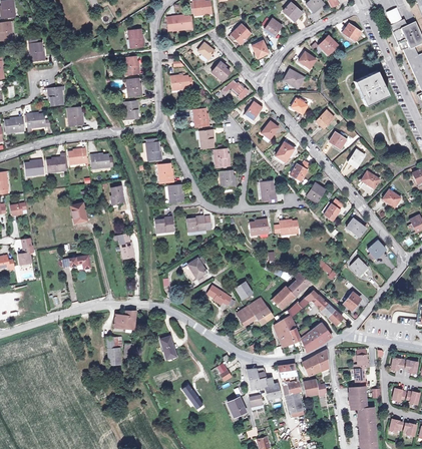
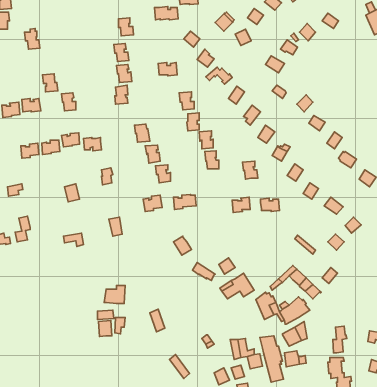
building: [354,70,388,104] -> none
building: [270,272,311,310] -> none

